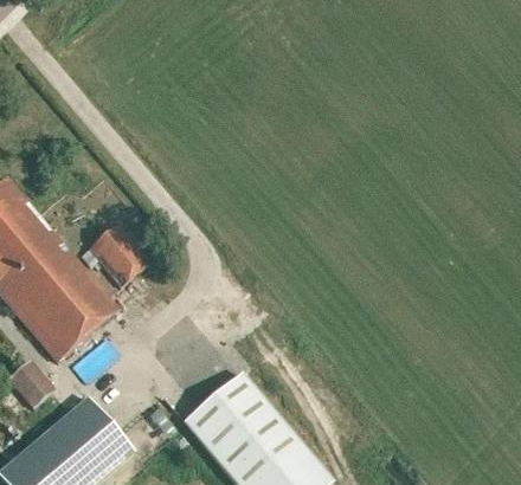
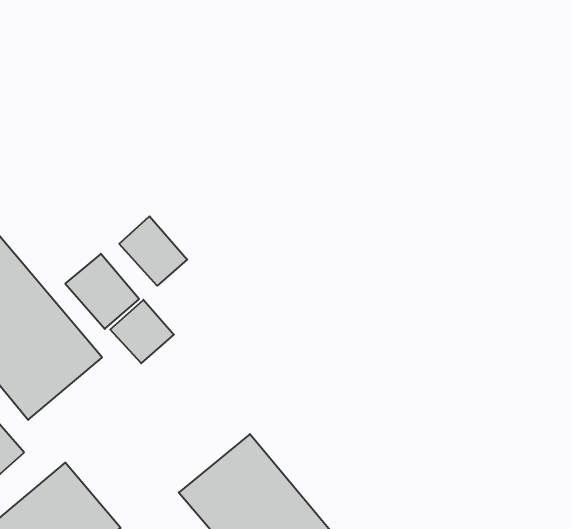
building: none -> [119,216,187,286]
building: none -> [110,300,174,363]

